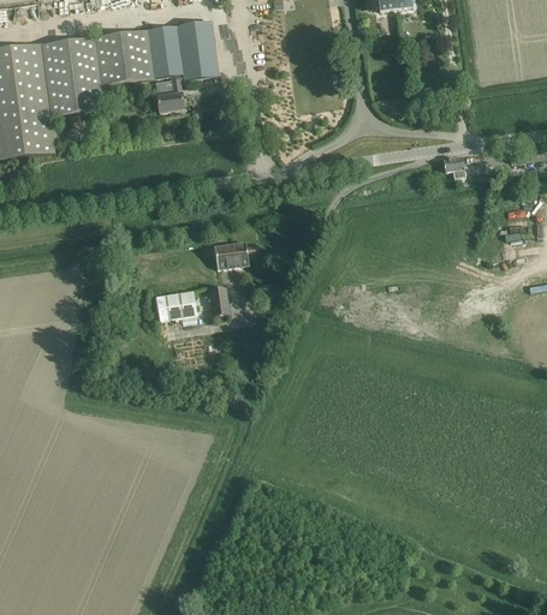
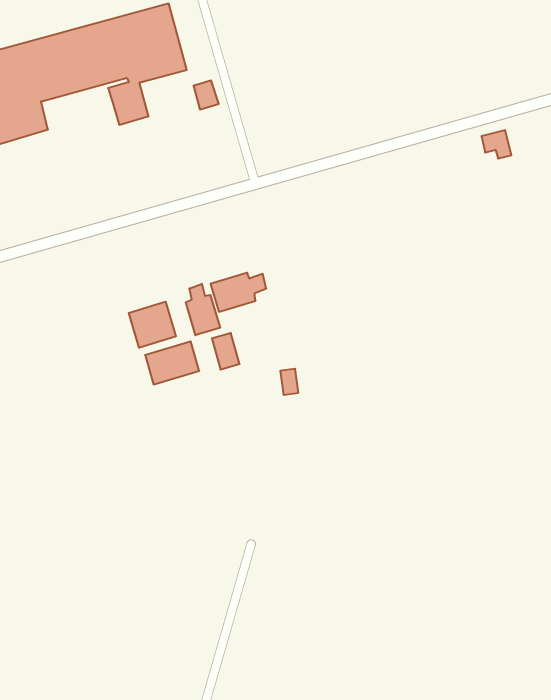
building: none -> [186,284,220,335]
building: none -> [129,302,176,348]

